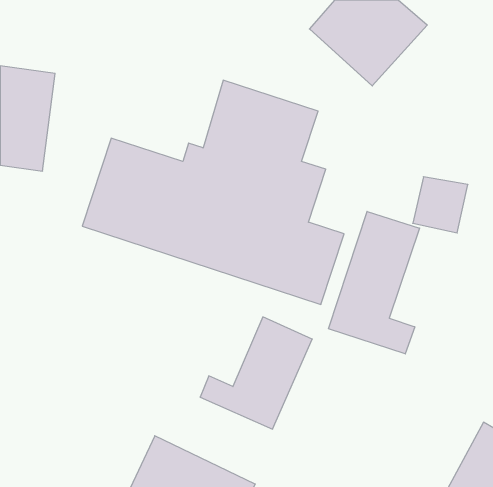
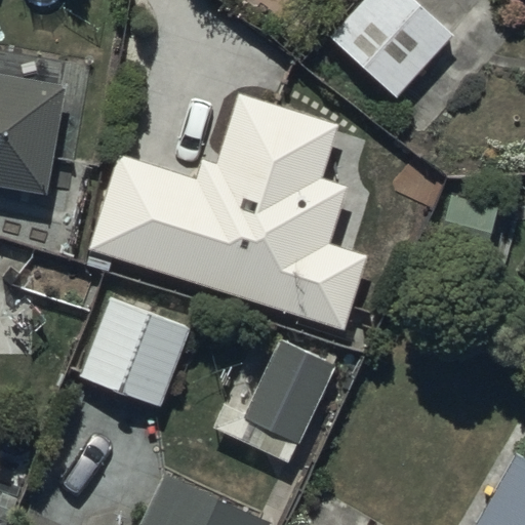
building: [329,211,420,354] -> none
building: none -> [80,298,188,405]

